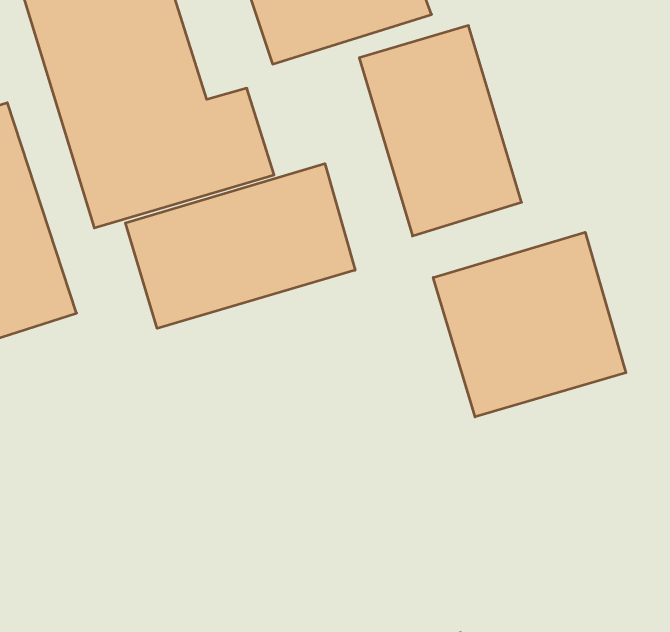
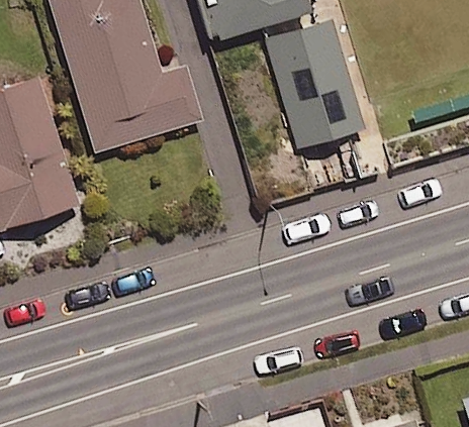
building: [125,164,355,328] -> none
building: [433,232,626,417] -> none

